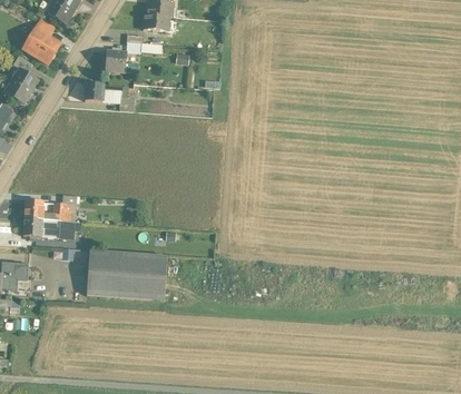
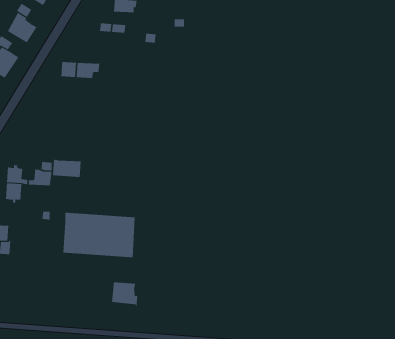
building: [105,47,138,71] -> none
building: [41,217,73,237] -> [52,159,82,177]
building: none -> [112,282,138,307]

